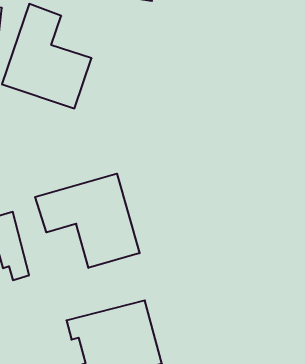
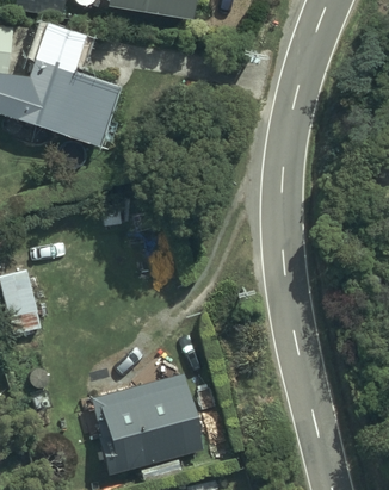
building: [35,174,140,268] -> none

